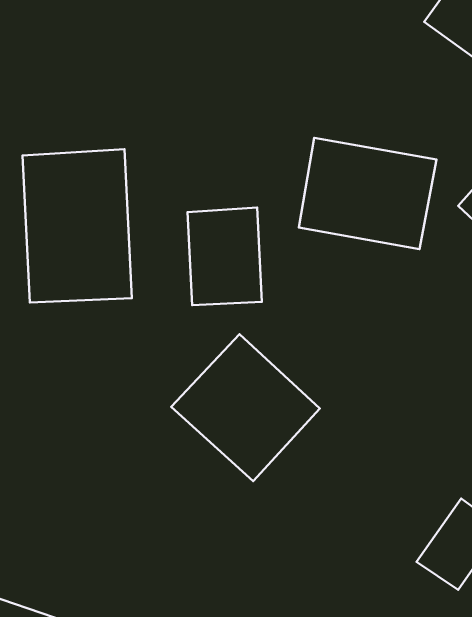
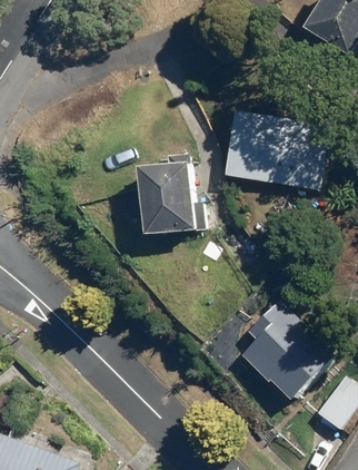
building: [22,149,132,303] -> none
building: [171,334,320,481] -> [231,294,338,400]

